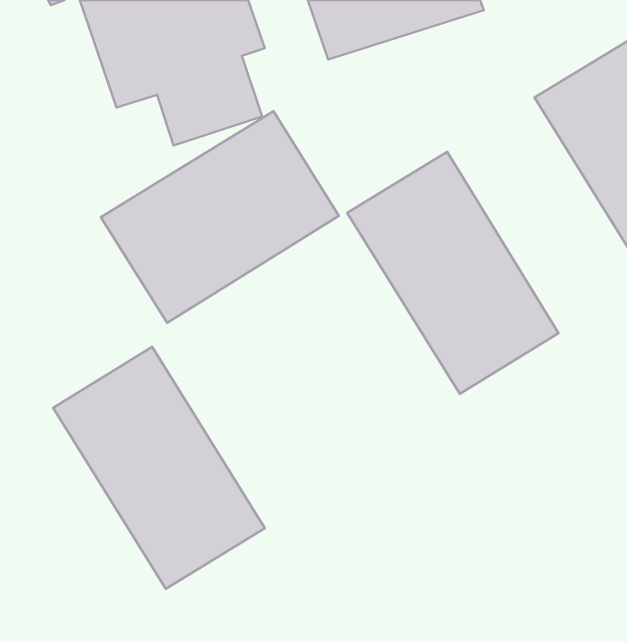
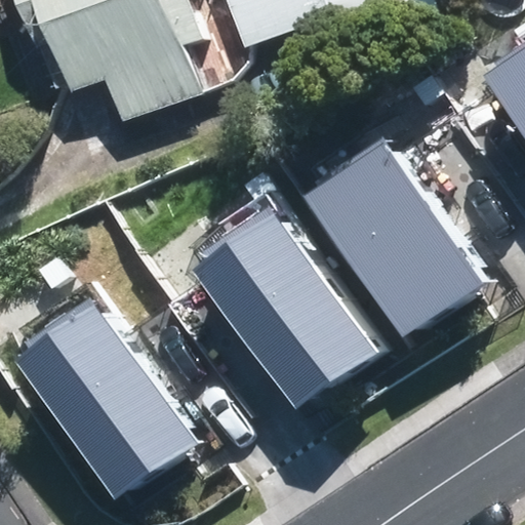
building: [101,111,339,323] -> none
building: none -> [178,205,350,401]

